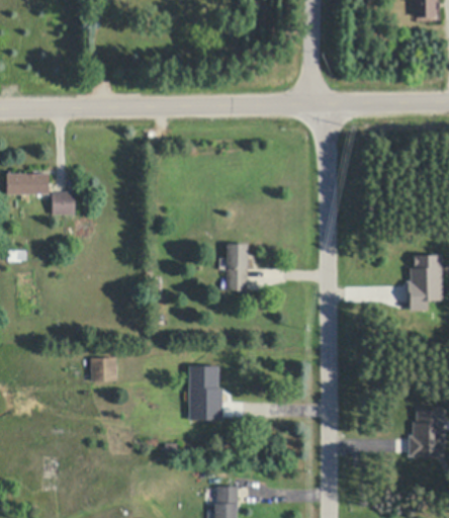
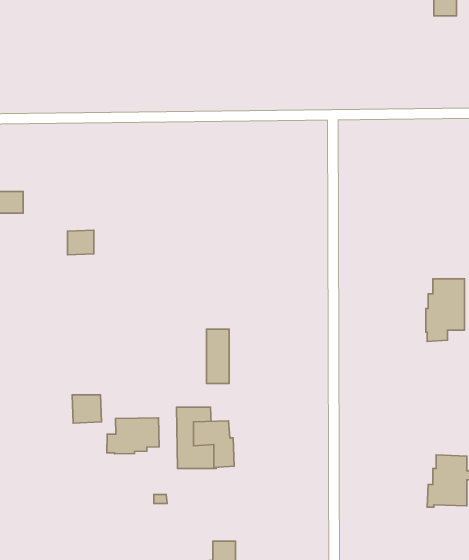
building: [52,191,75,213] -> [68,230,94,255]
building: [227,242,247,290] -> [206,329,229,384]
building: none -> [107,418,159,454]

